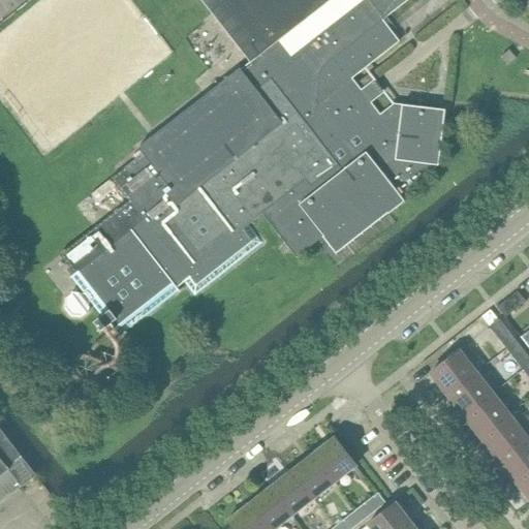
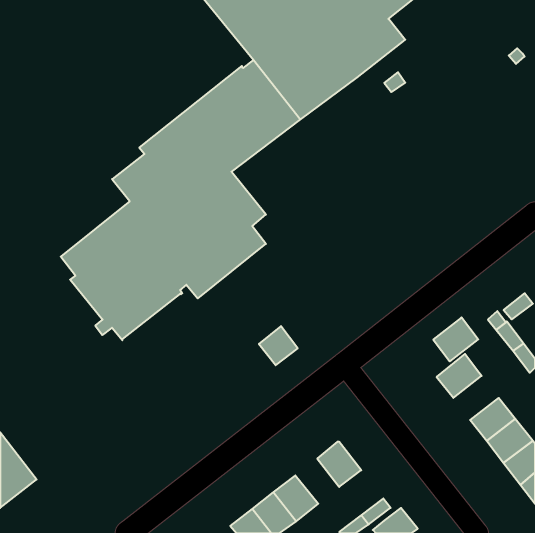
building: [228,76,445,256] -> none
building: none -> [259,326,298,365]
building: [447,371,492,414] -> [433,317,478,361]
building: [291,453,335,497] -> none

